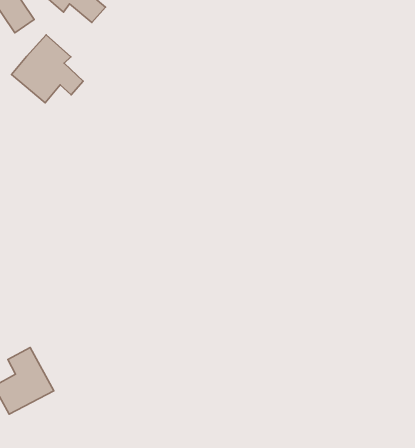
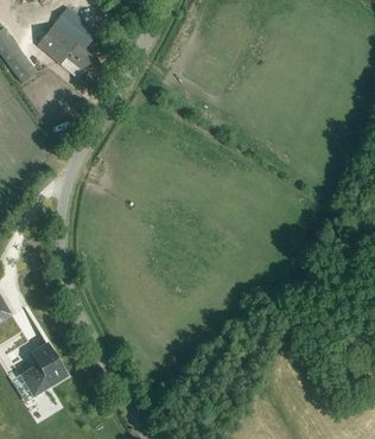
building: [12,35,83,103] -> none

